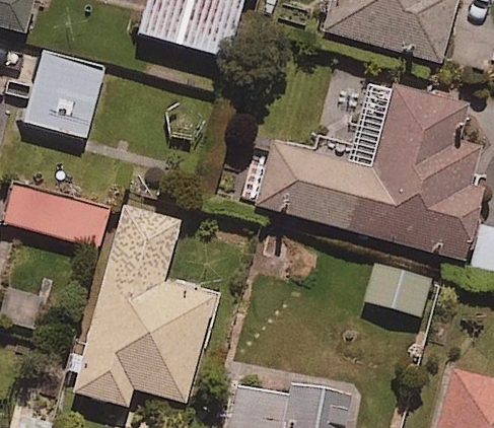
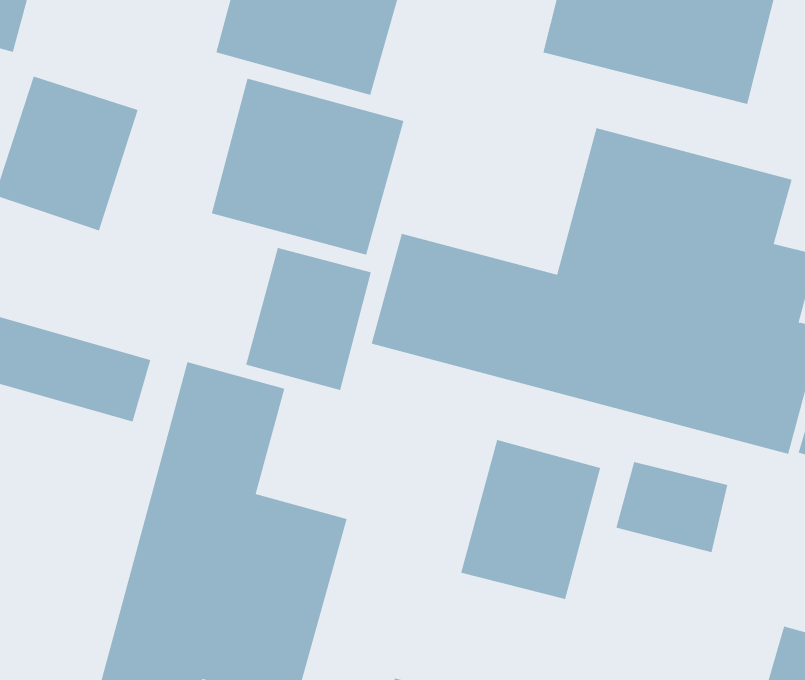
building: none -> [211,78,404,255]
building: none -> [245,247,371,391]
building: none -> [461,439,601,600]

